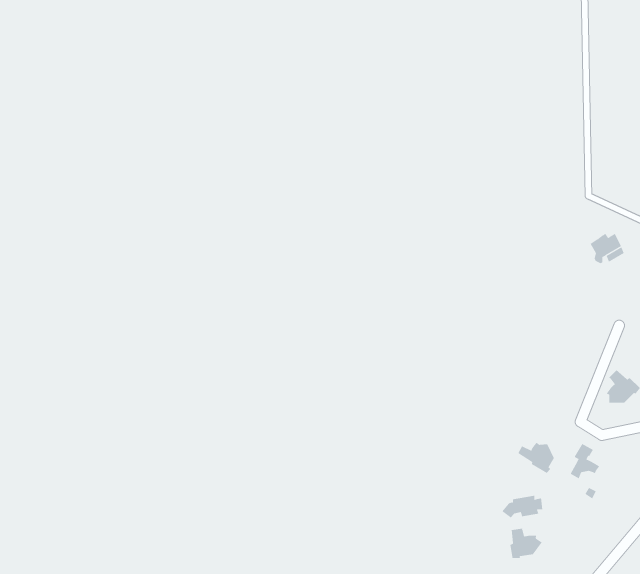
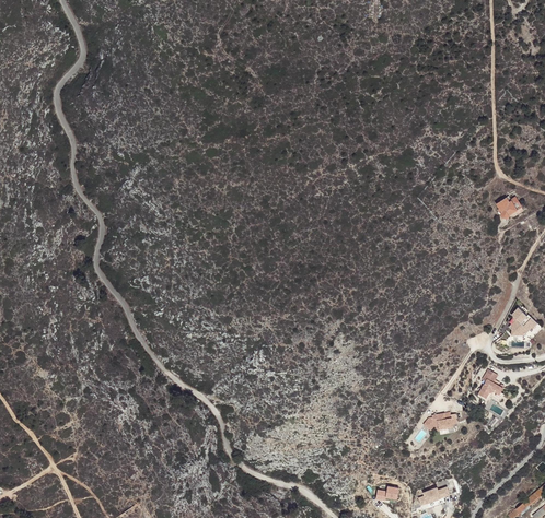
building: [517,442,555,474] -> none
building: [510,528,543,559] -> none

